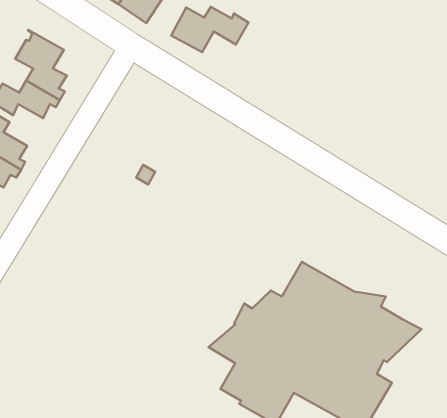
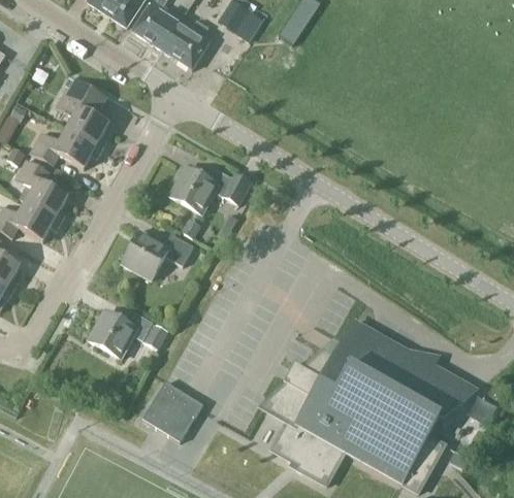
building: [171,7,249,52] -> [169,165,250,212]
building: none -> [121,230,193,278]
building: none -> [88,309,167,357]
building: none -> [142,379,202,440]

